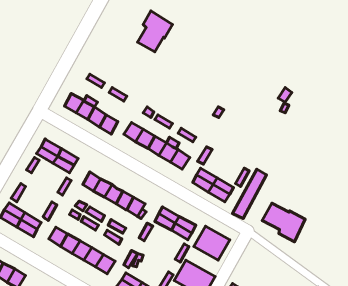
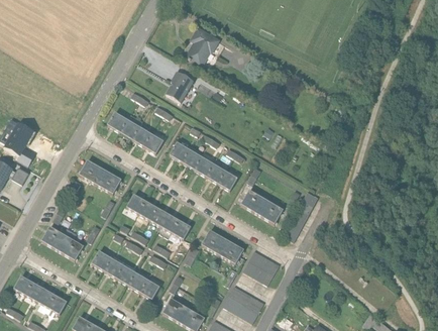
building: none -> [166,70,195,102]
building: [262,203,305,242] -> none

